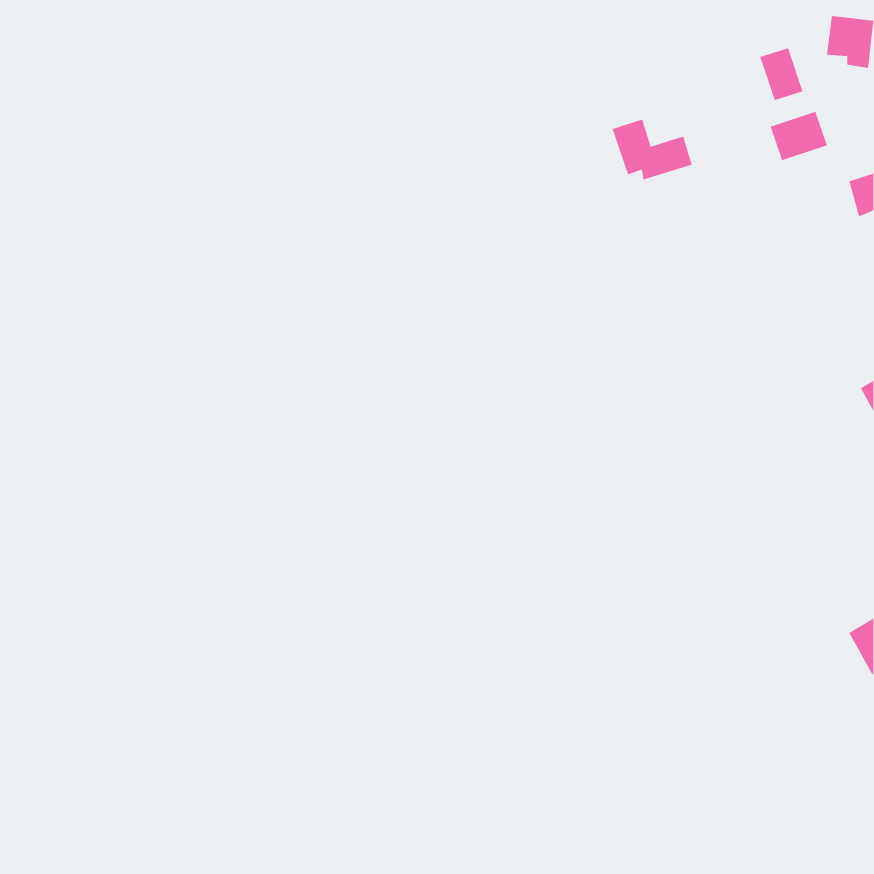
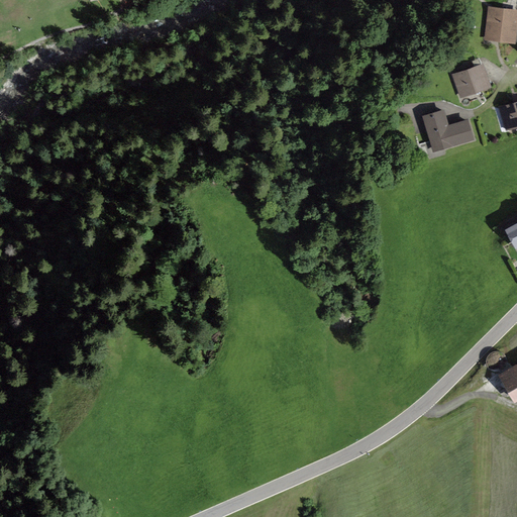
building: [760,47,803,101] -> none
building: [612,119,692,180] -> [424,111,472,147]

